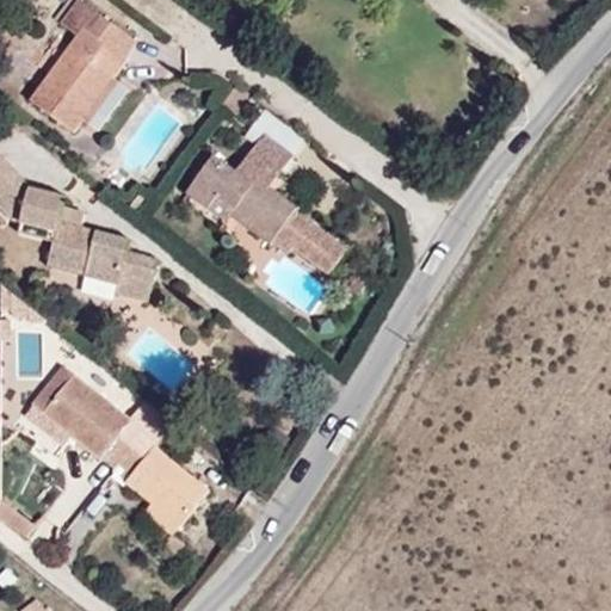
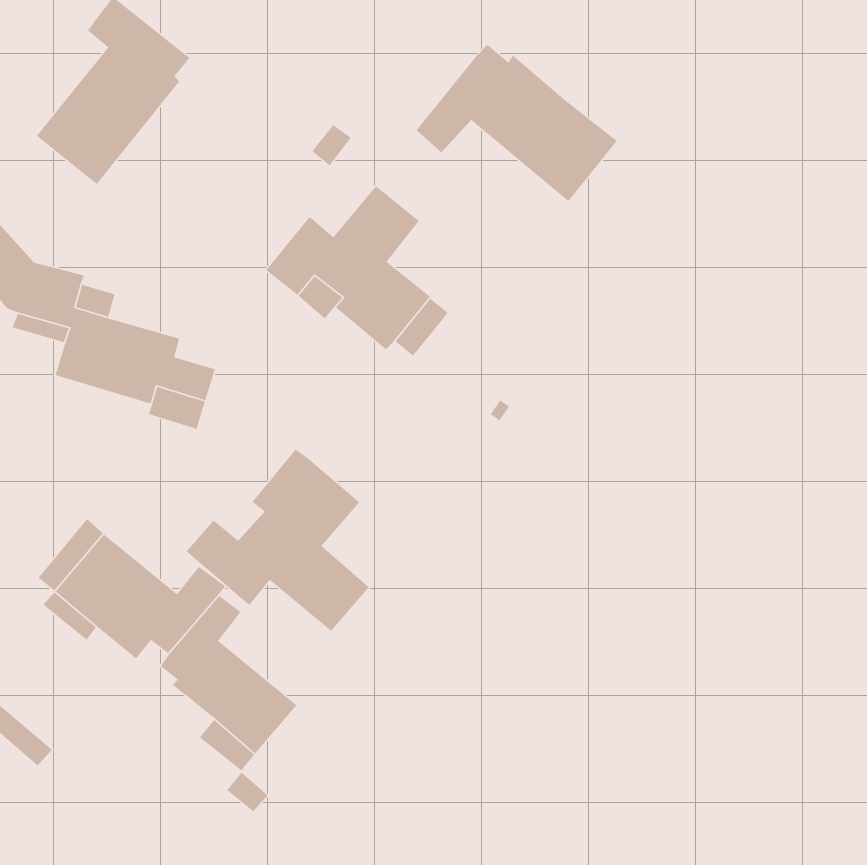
building: none -> [416,44,618,202]
building: [295,220,352,274] -> none
building: none -> [185,448,370,632]

